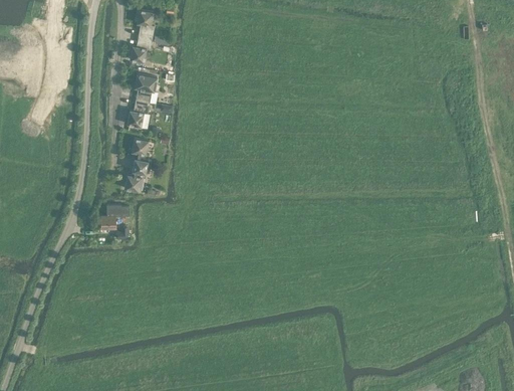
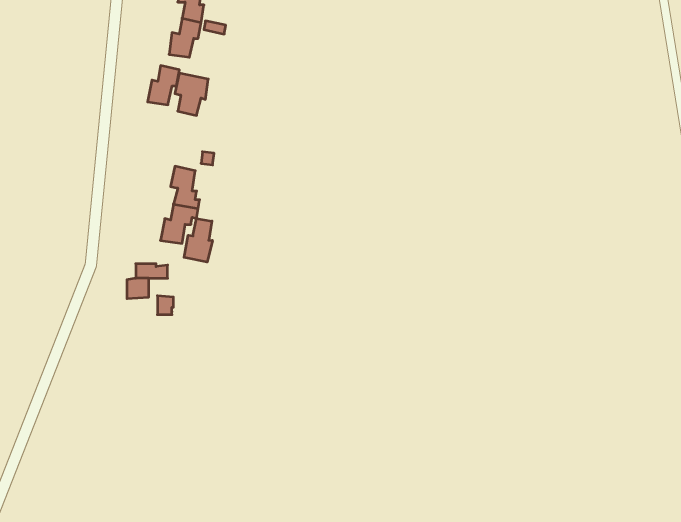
building: [126,97,149,125] -> [148,66,179,105]
building: none -> [184,219,212,262]

